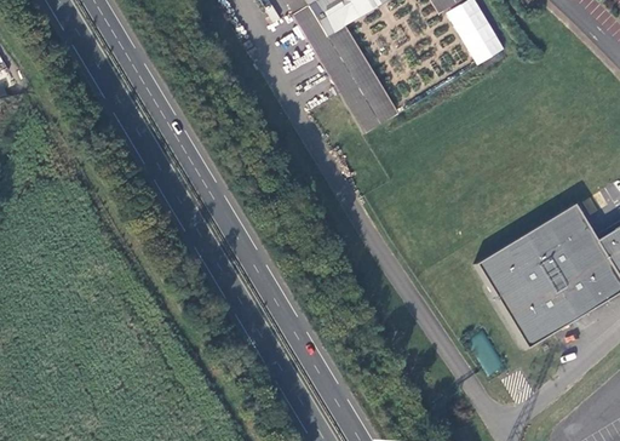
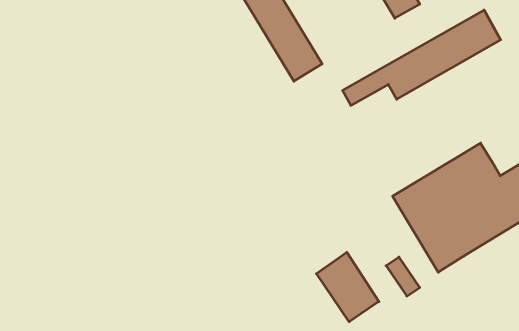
building: none -> [343,10,501,105]
building: none -> [316,252,379,322]

